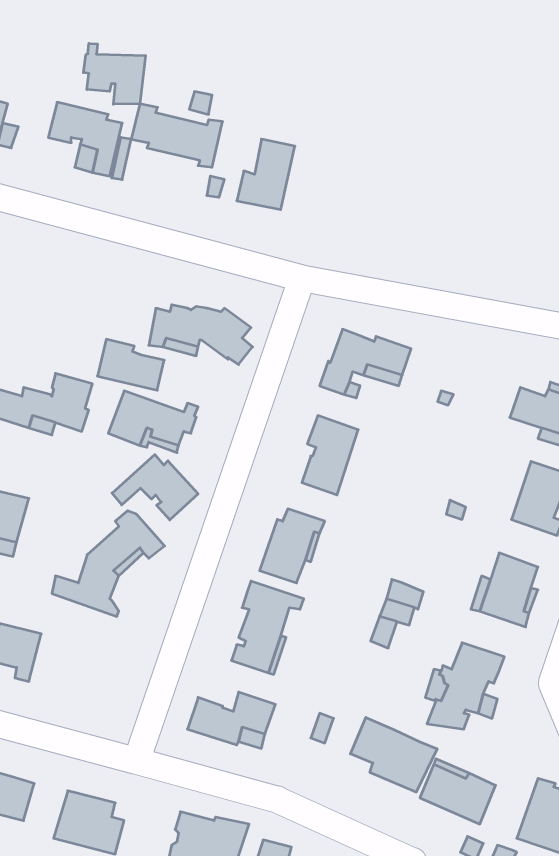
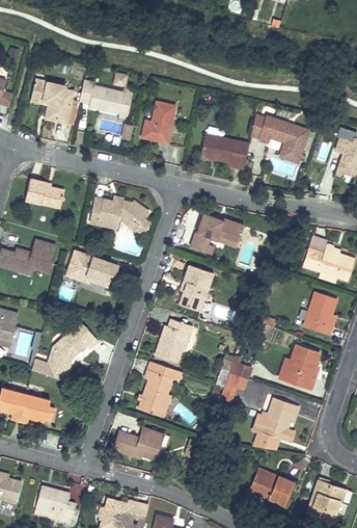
building: [83,43,146,104] -> none
building: none -> [251,115,308,162]
building: none -> [200,133,249,168]
building: [97,339,164,390] -> [25,178,64,208]
building: [112,455,198,520] -> none
building: none -> [19,393,55,423]
building: [350,717,437,792] -> none

